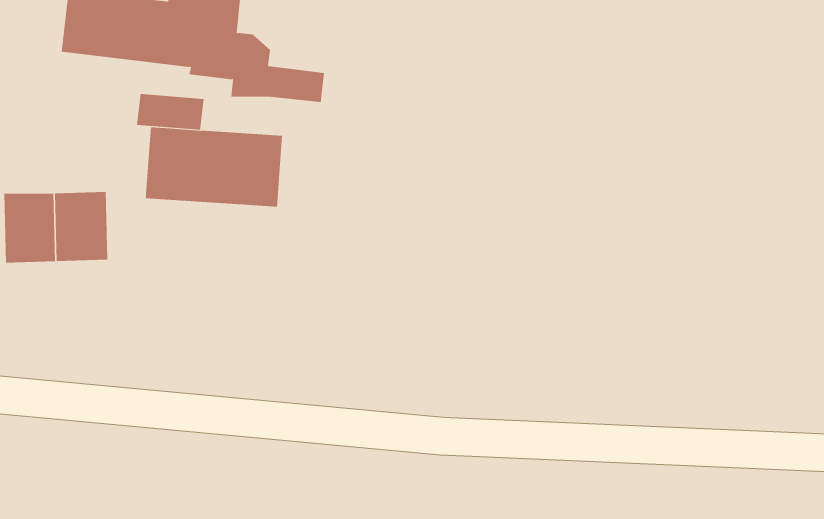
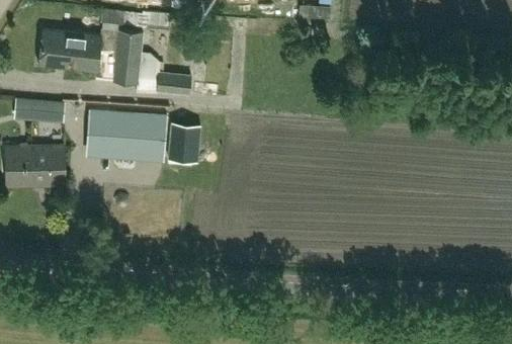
building: [136,94,204,130] -> [24,100,64,121]
building: none -> [168,123,199,162]

